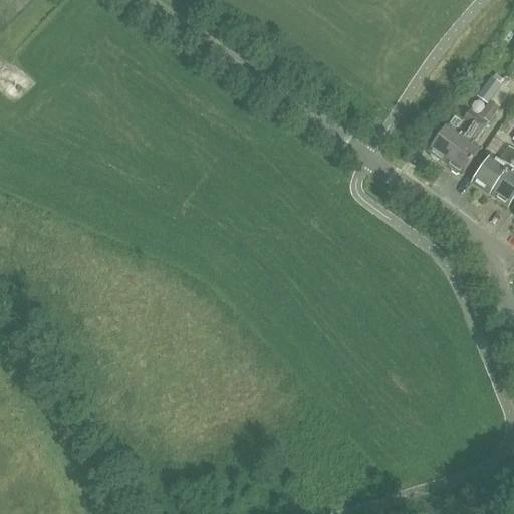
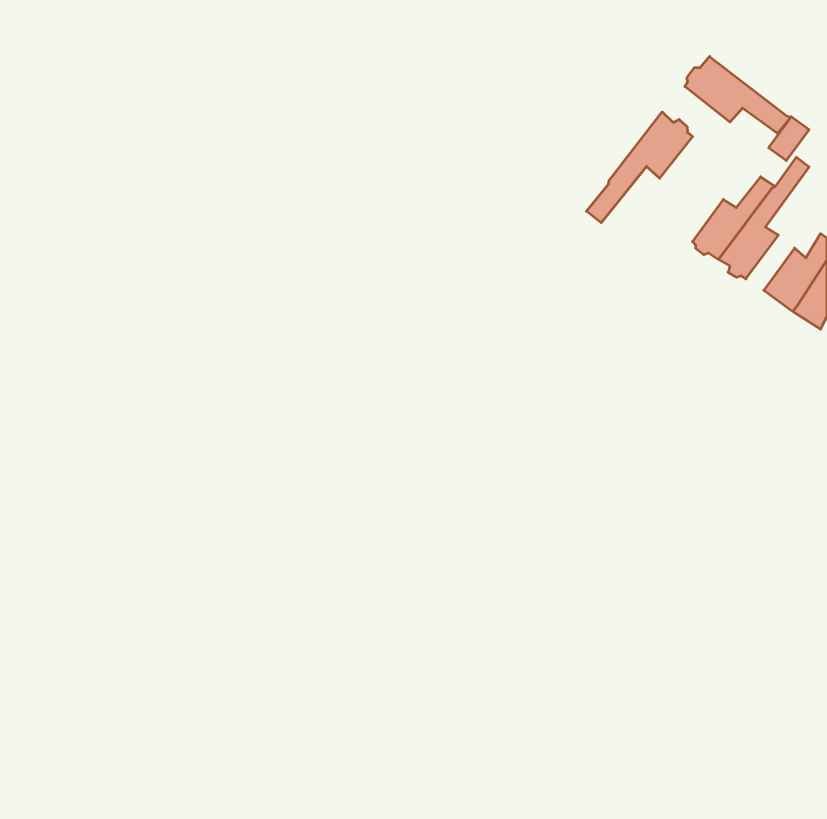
building: none -> [685,56,791,133]
building: none -> [586,112,693,223]

